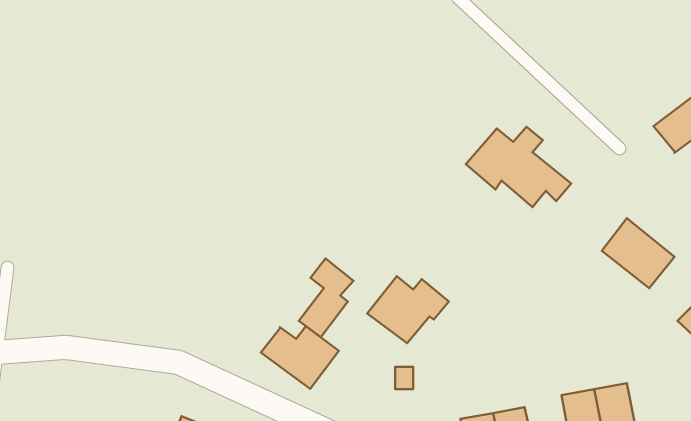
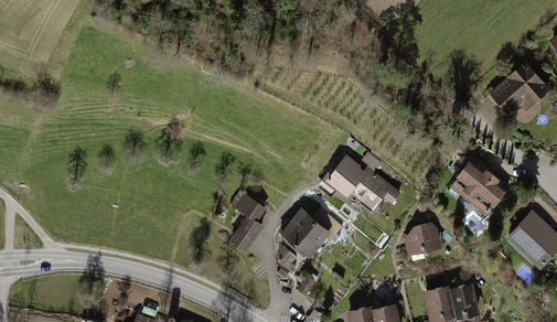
building: [466,127,571,207] -> [324,153,403,213]
building: none -> [407,223,441,254]
building: [261,326,339,389] -> none

